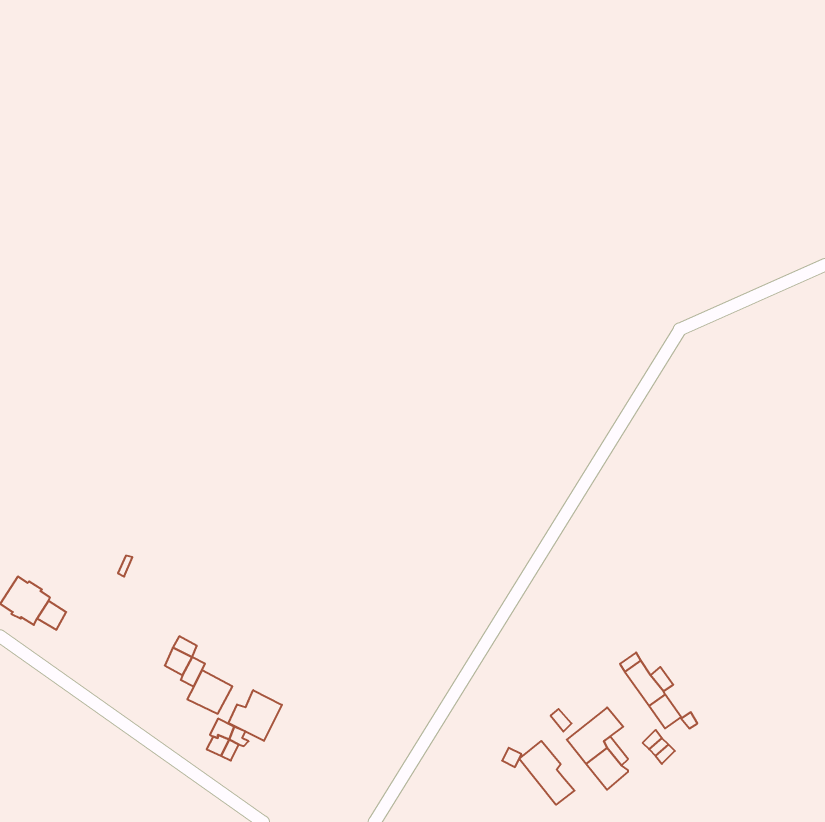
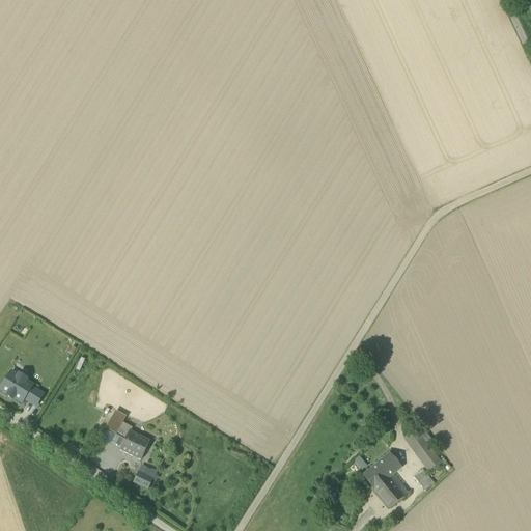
building: [228,690,282,741] -> none
building: [519,741,575,805] -> none

